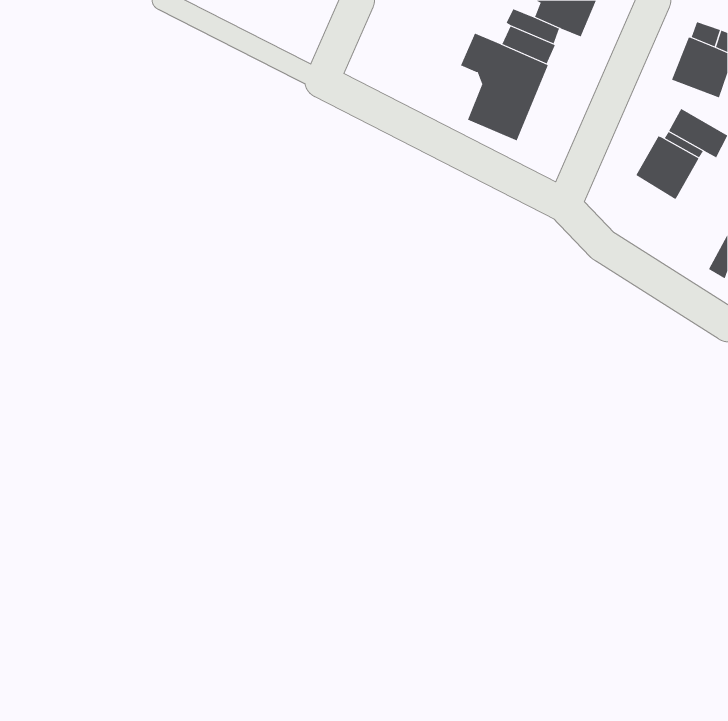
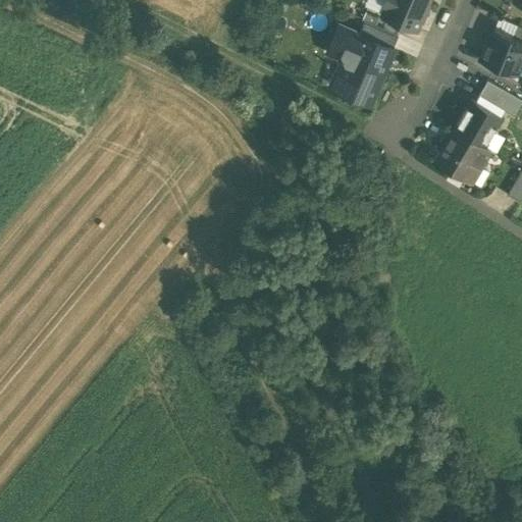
building: none -> [435,130,490,185]

